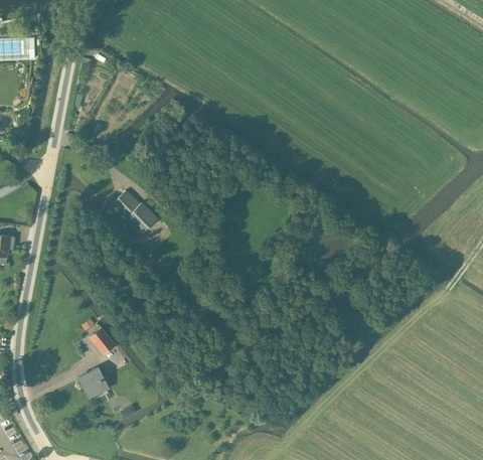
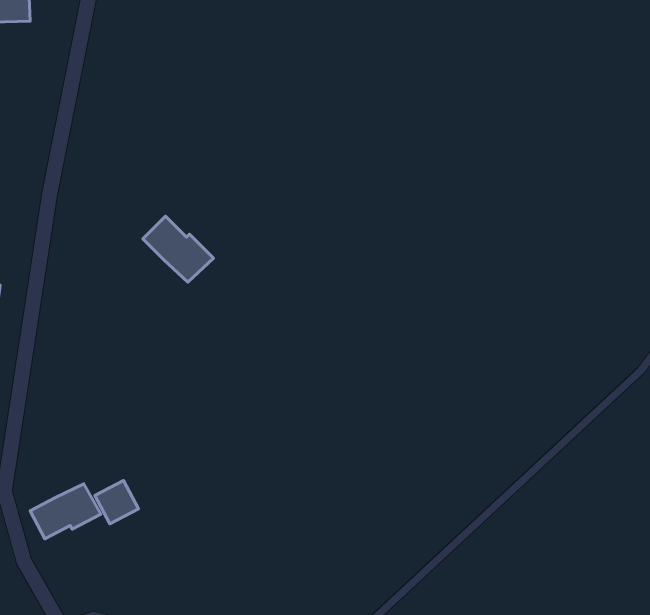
building: [88,327,116,355] -> none
building: none -> [30,484,101,539]

